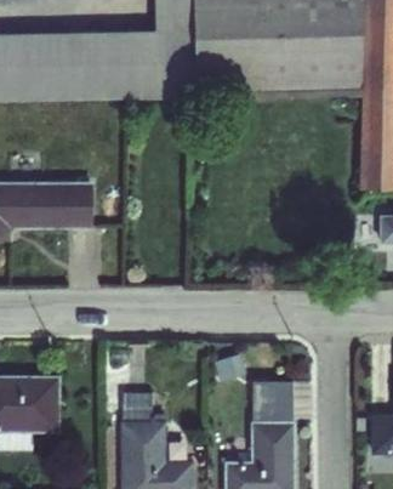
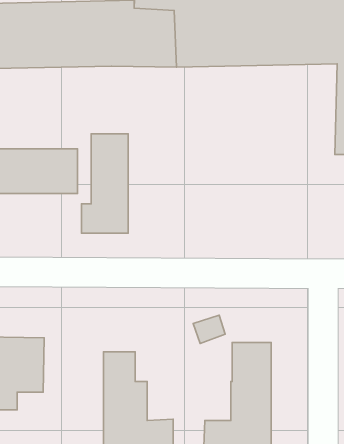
building: none -> [81,134,128,233]

